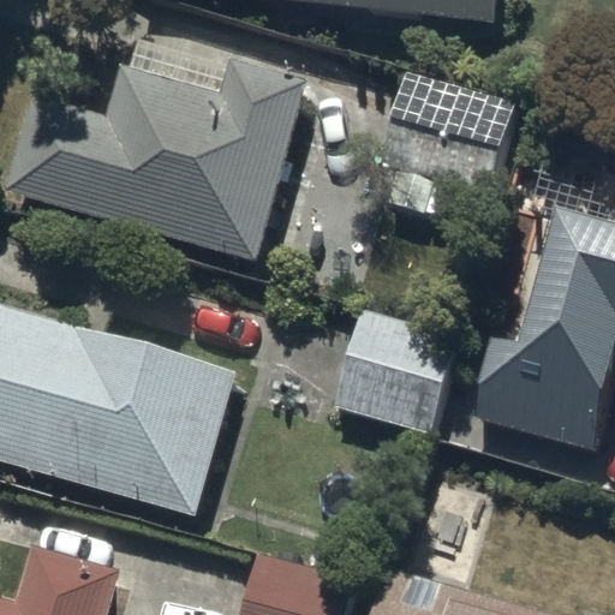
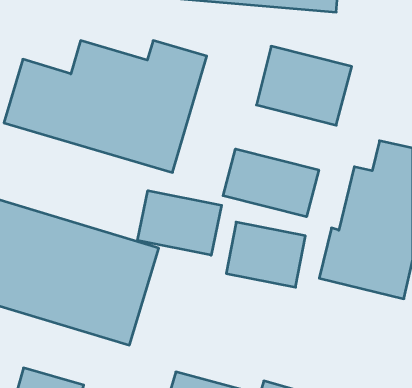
building: none -> [223,149,319,217]
building: none -> [137,191,222,255]

